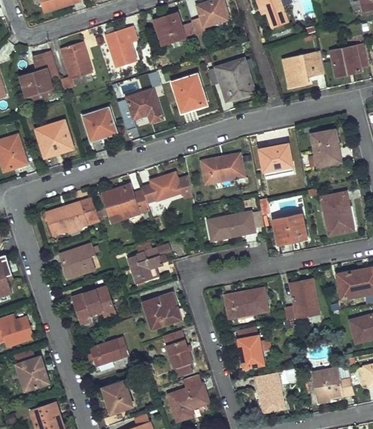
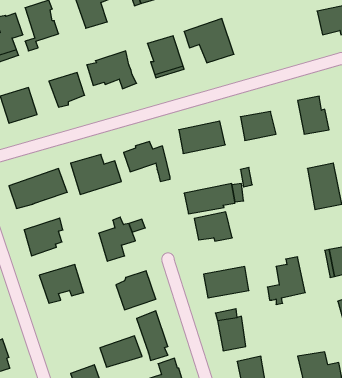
building: [283,53,324,88] -> none
building: [273,214,308,241] -> [194,212,232,241]
building: [90,337,129,366] -> [100,336,142,367]

